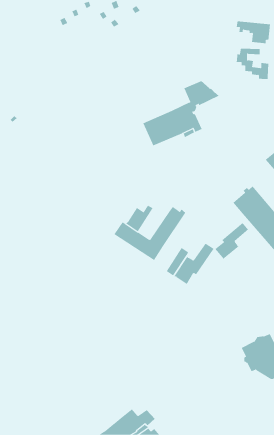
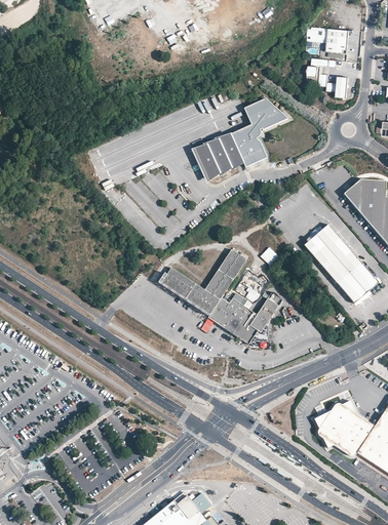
building: [125,205,154,232] -> [207,293,241,326]
building: [214,222,249,260] -> none

